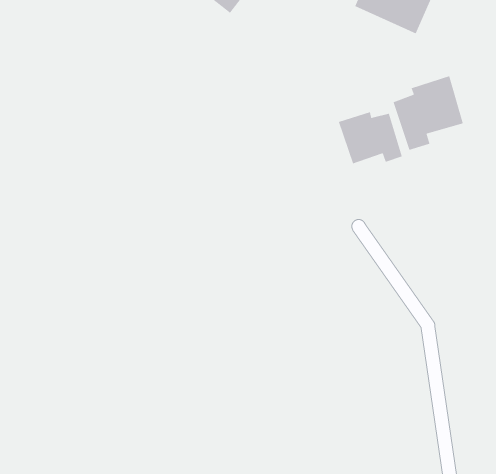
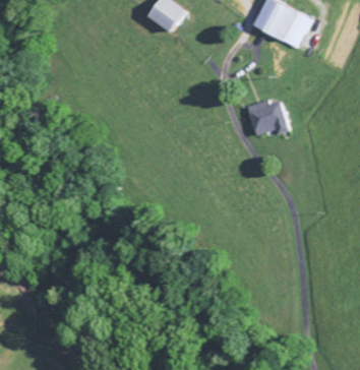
building: [392,75,464,151] -> none

